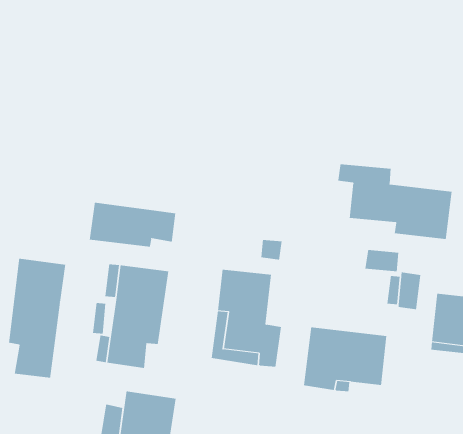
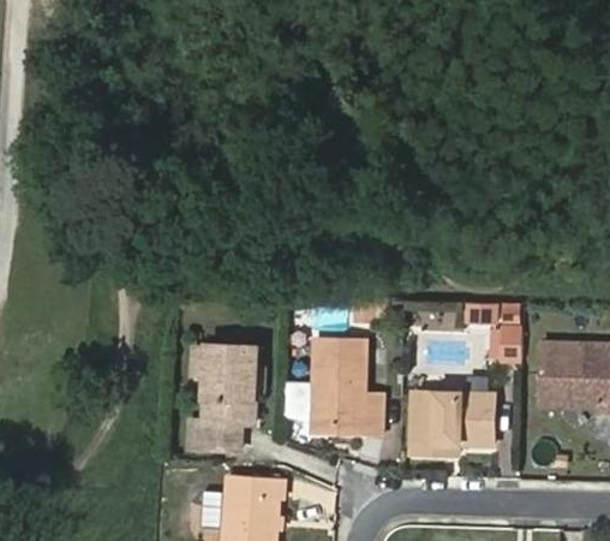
building: [338,164,452,240] -> none
building: [89,202,176,247] -> none
building: [9,258,66,378] -> none

